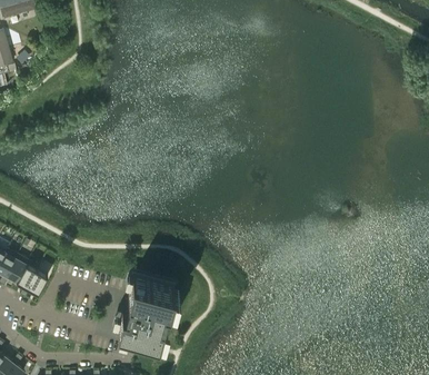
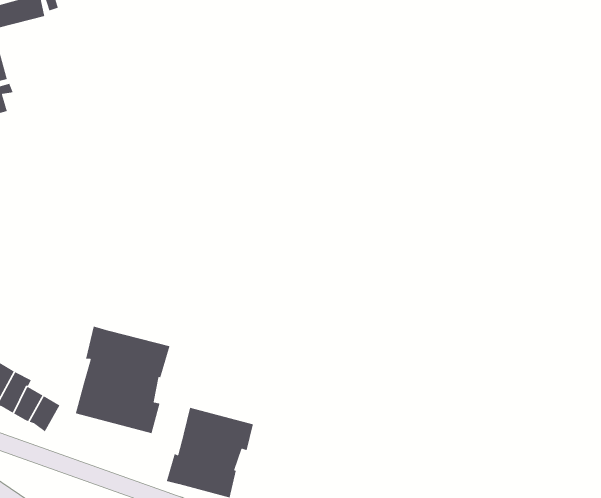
building: none -> [75,326,170,434]

